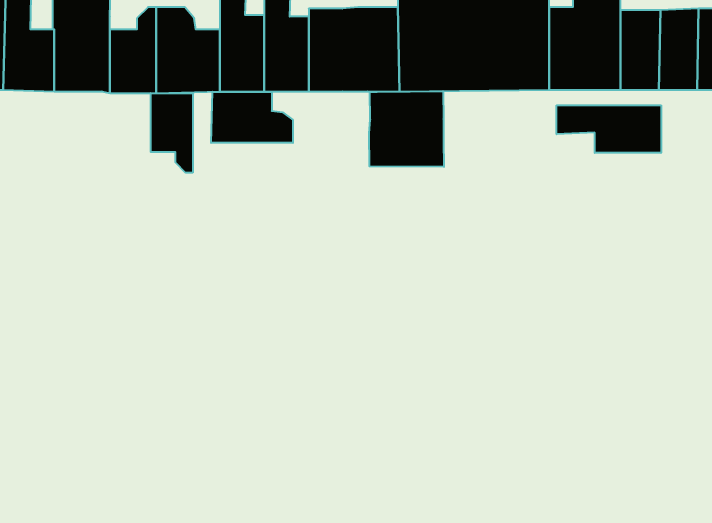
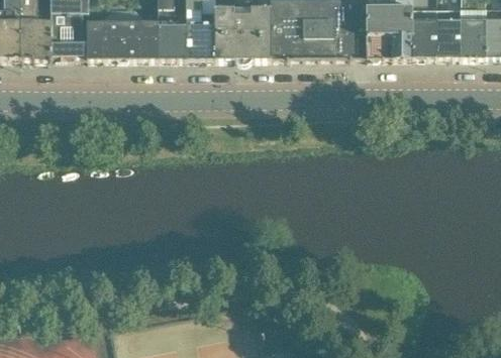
building: [369,91,444,167] -> none
building: [211,92,293,143] -> none
building: [151,93,193,173] -> none
building: [557,105,661,153] -> none

